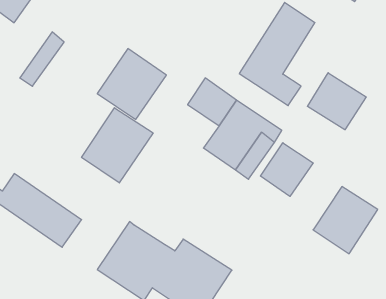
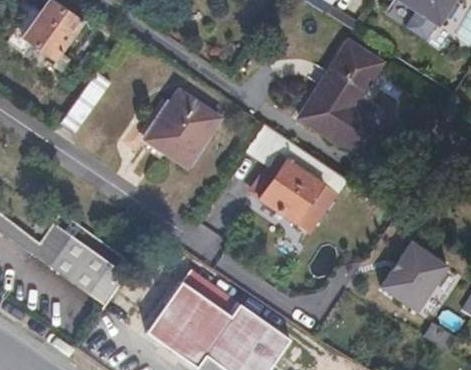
building: [307,73,366,130] -> none
building: [82,108,153,183] -> none
building: [260,143,313,196] -> none

